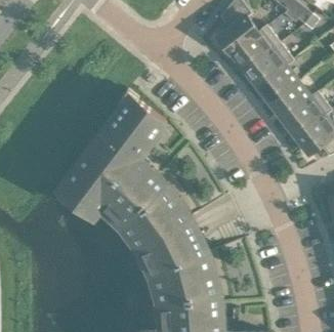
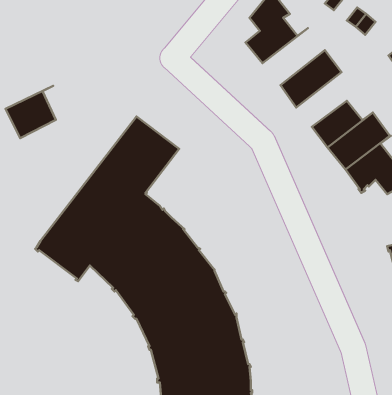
building: [231,25,280,70] -> none
building: [257,59,297,102] -> none
building: none -> [6,86,56,138]

